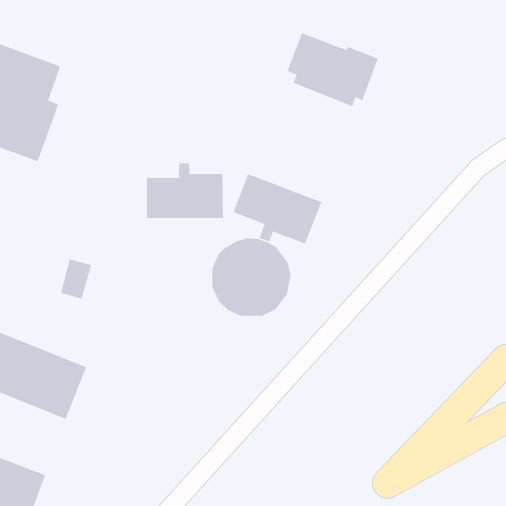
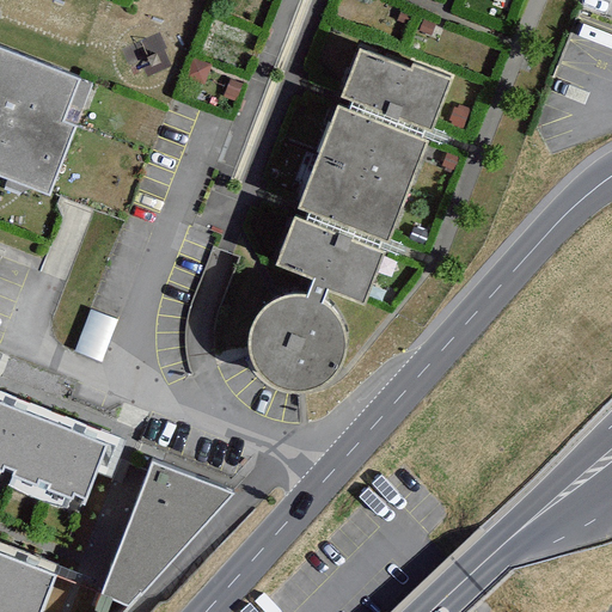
building: none -> [298,103,427,245]
building: [146,163,224,219] -> none
building: none -> [97,461,233,602]

